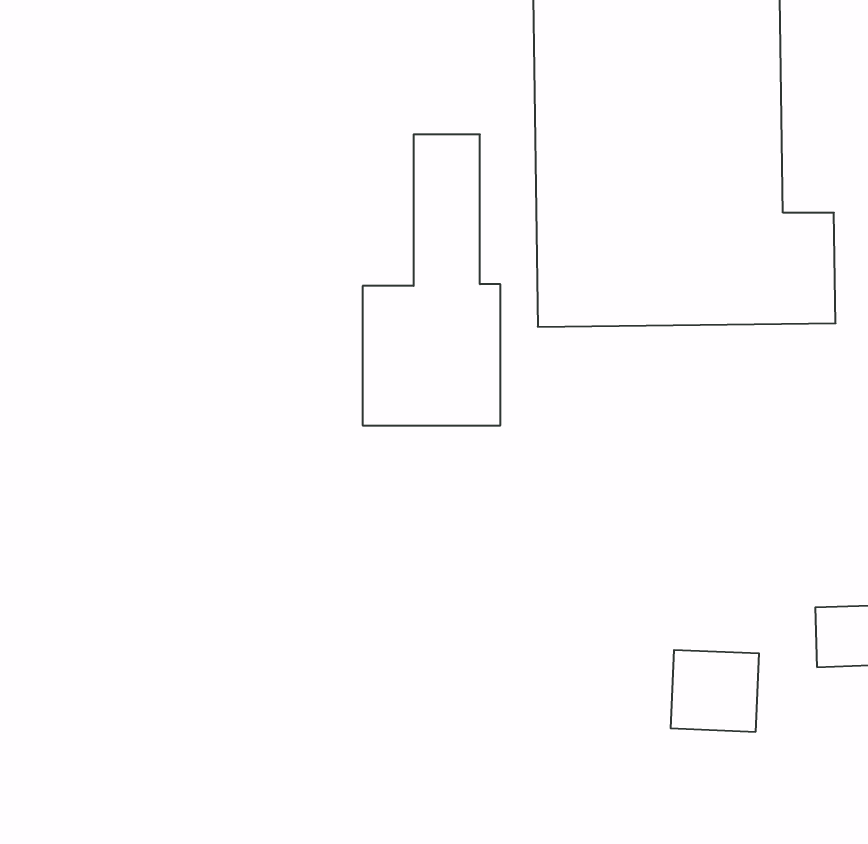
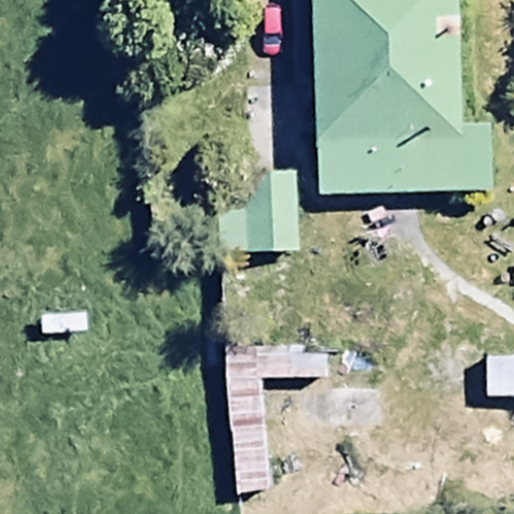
building: none -> [224,343,330,494]

